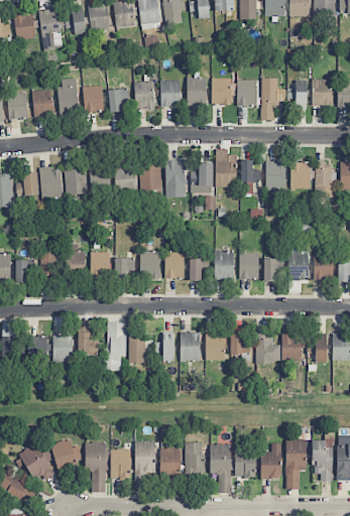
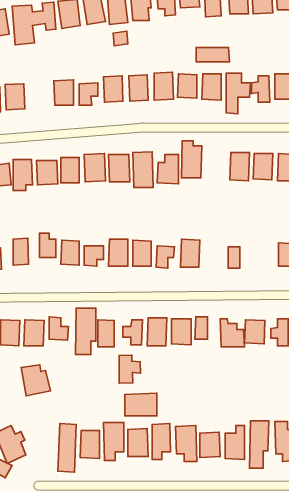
building: none -> [196,47,230,62]
building: [59,79,79,114] -> none
building: [241,159,261,182] -> none
building: [240,253,259,280] -> none
building: [288,253,309,280] -> none
building: none -> [119,355,141,383]
building: none -> [125,393,157,416]
building: [52,440,83,473] -> [21,365,50,396]

